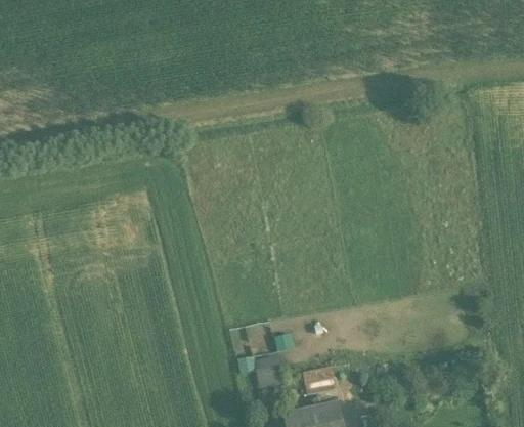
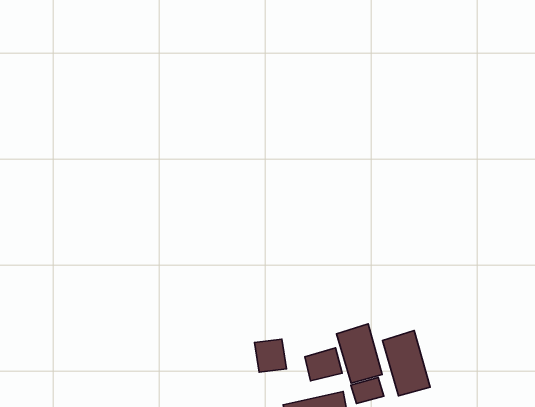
building: none -> [336,324,382,383]
building: none -> [382,330,430,396]

